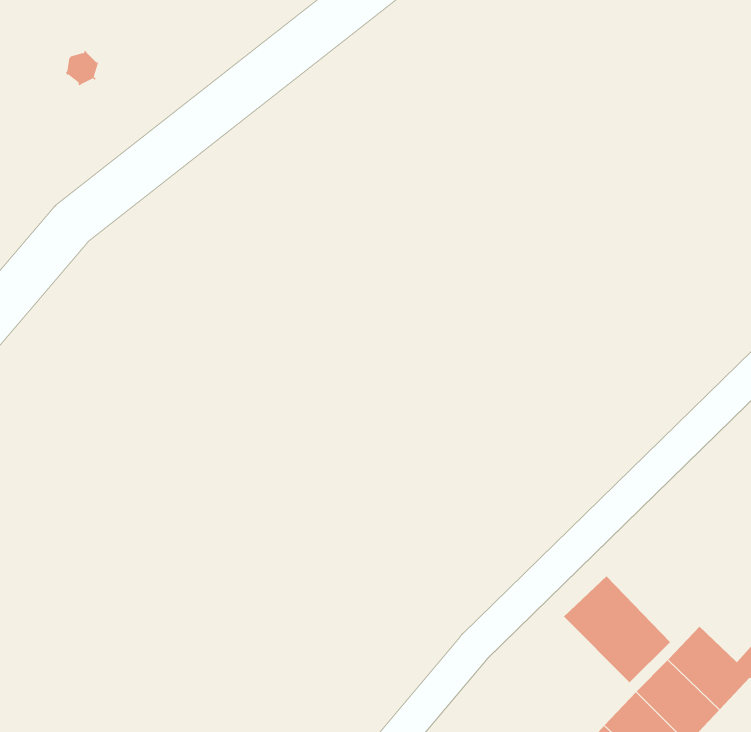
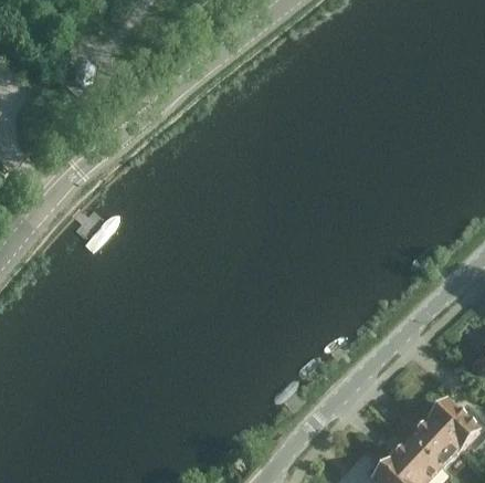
building: [563,575,671,683] -> none

